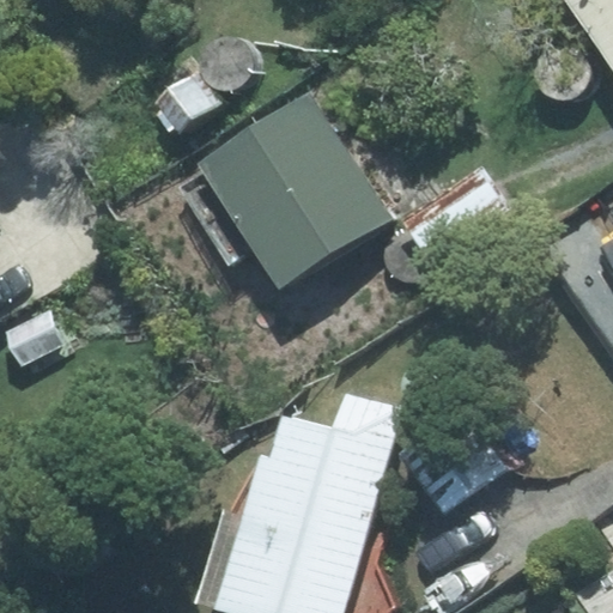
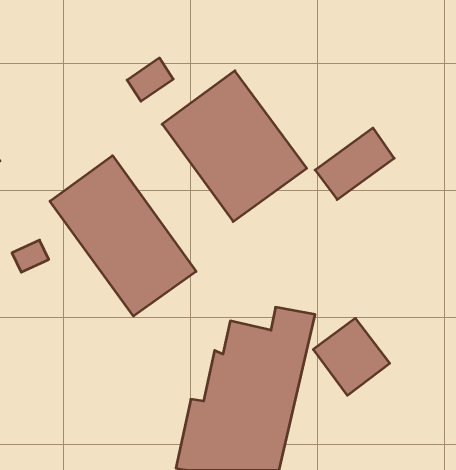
building: none -> [50,156,196,316]

